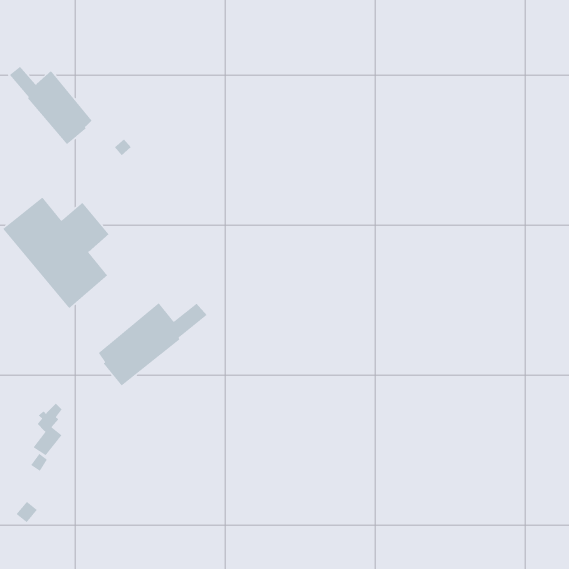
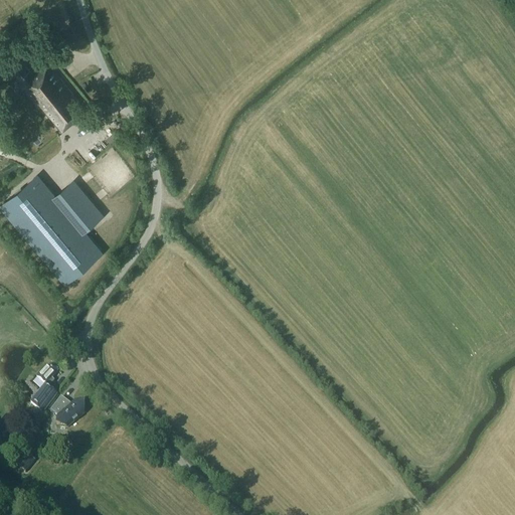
building: [98,302,207,386] -> none
building: none -> [50,396,83,426]

